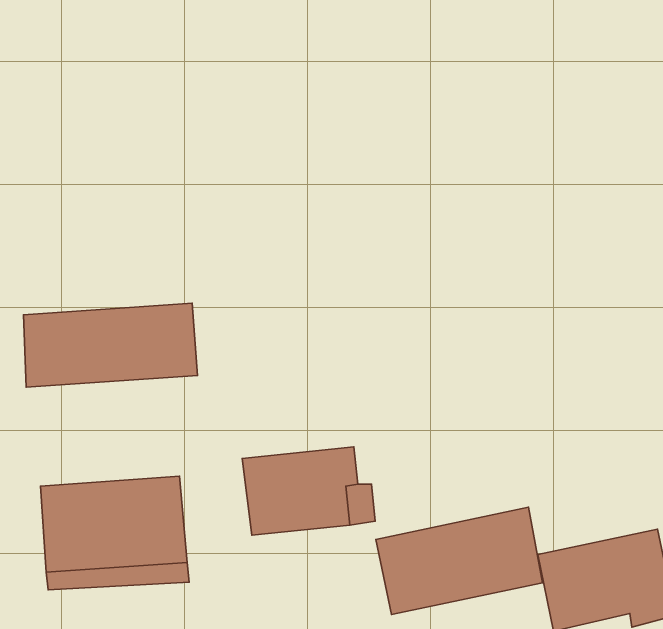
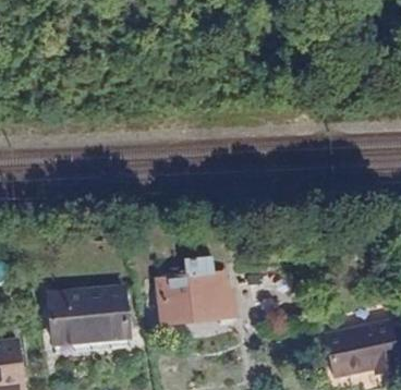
building: [23,303,197,387] -> none
building: [376,507,542,615] -> none

